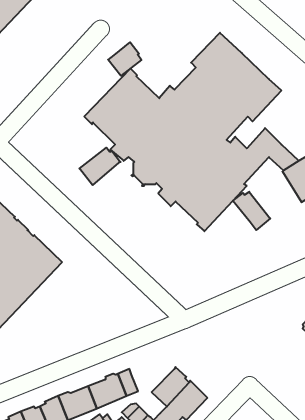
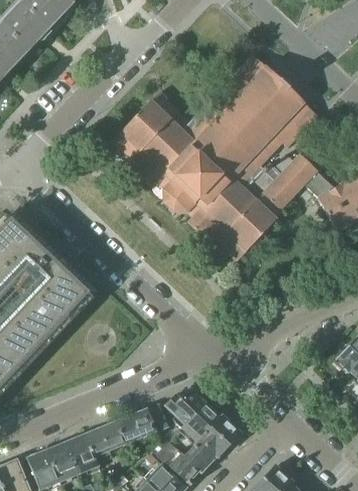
building: [108,42,141,76] -> none
building: [79,148,121,185] -> none
building: [233,192,270,230] -> none
building: none -> [165,388,206,428]

